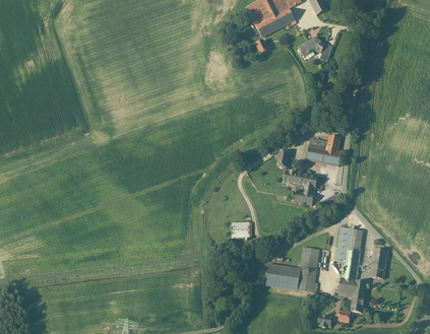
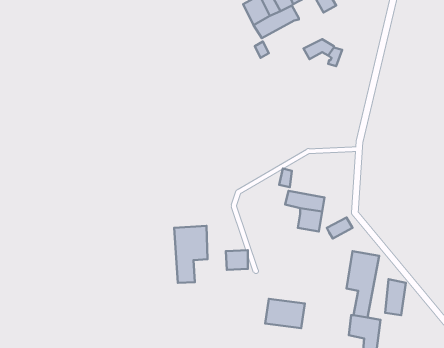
building: [305,135,341,165] -> none
building: none -> [174,226,208,283]
building: [297,247,320,291] -> none

